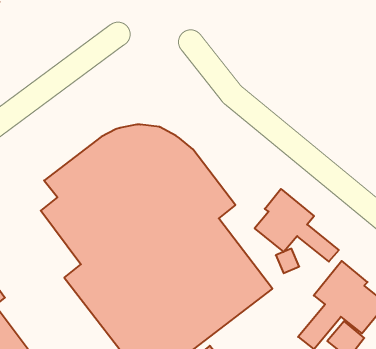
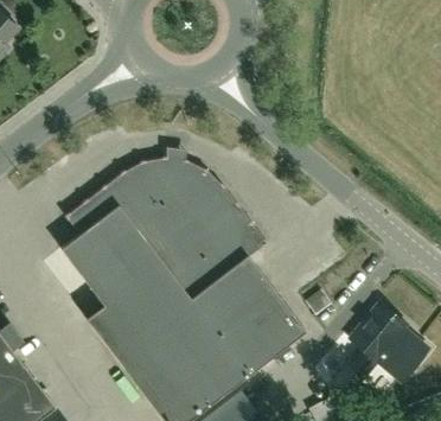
building: [255,189,339,262] -> none

